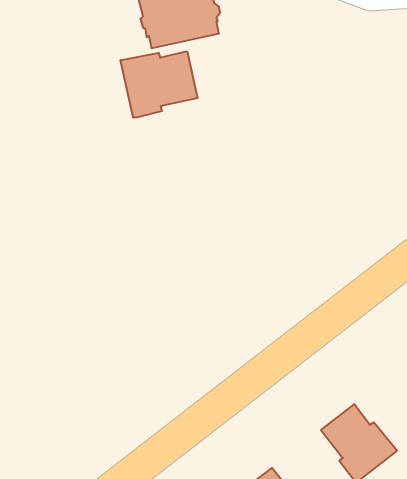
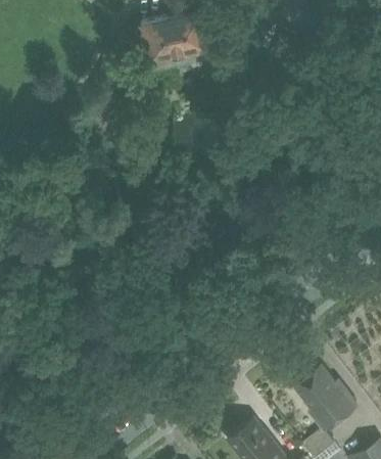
building: [121,51,198,118] -> none

